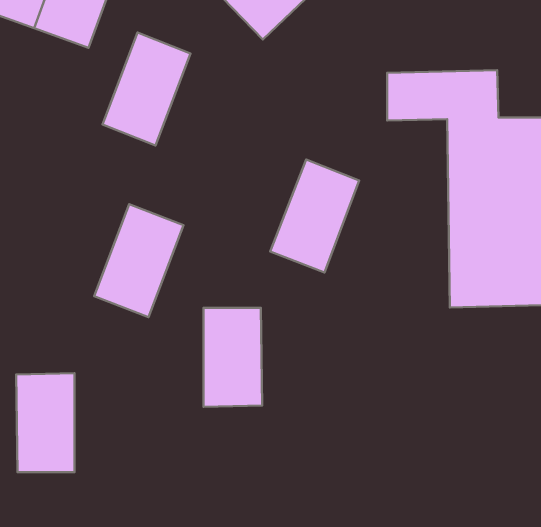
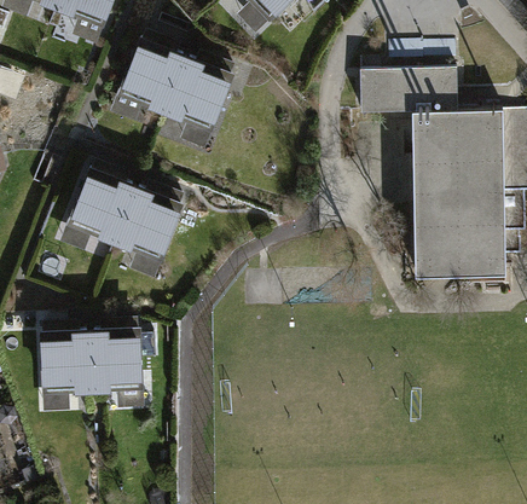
building: [270,160,359,273] -> [158,51,236,149]
building: none -> [58,164,135,261]
building: [204,308,262,407] -> [88,328,139,413]

